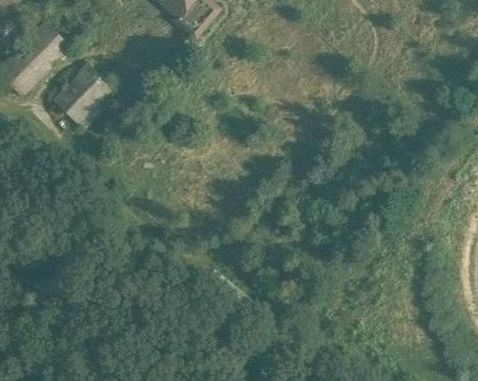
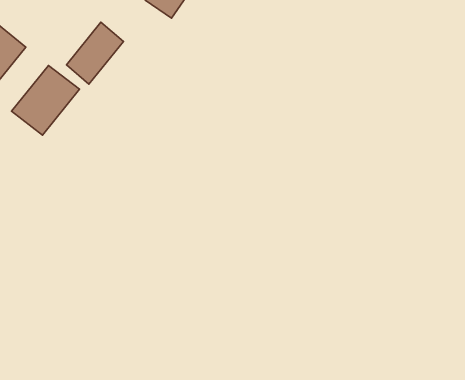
building: none -> [66,22,123,84]

